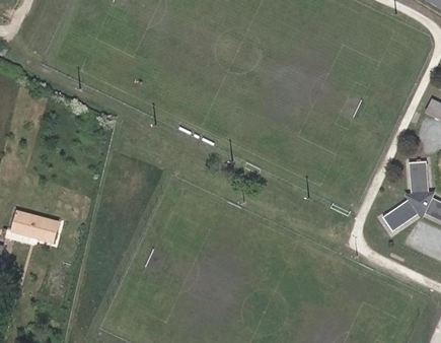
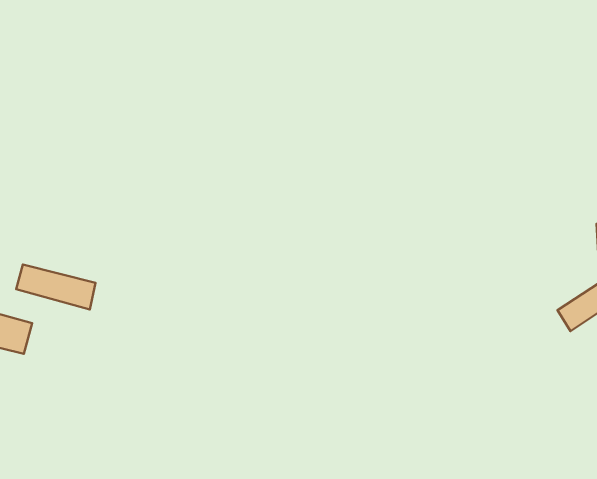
building: none -> [16,264,96,310]

